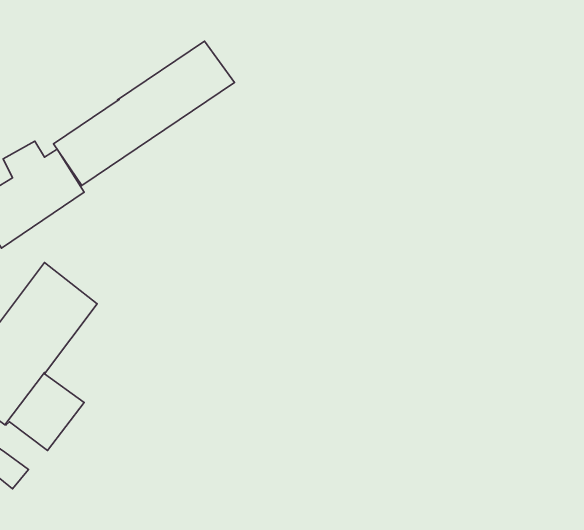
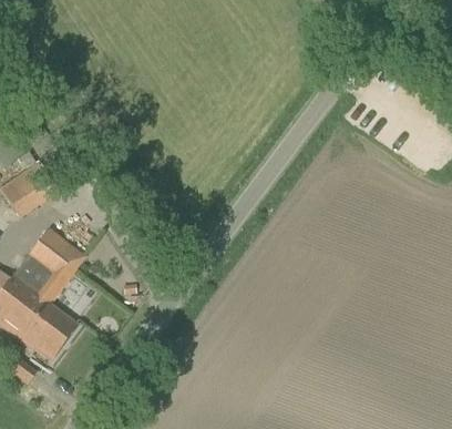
building: [54,41,235,186] -> none

